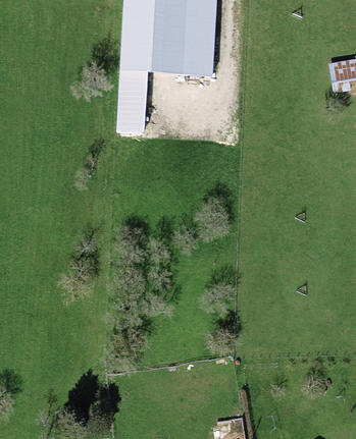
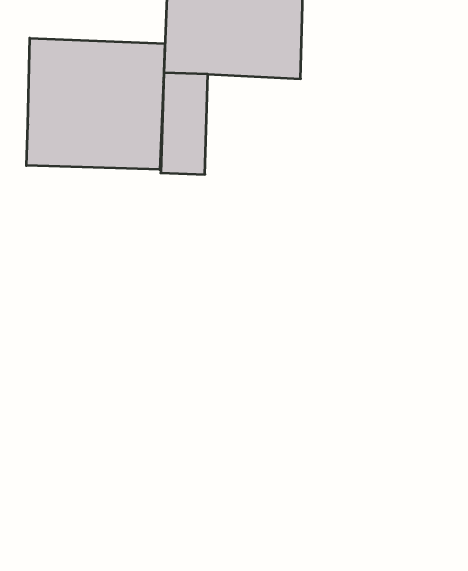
building: none -> [26,38,165,170]

